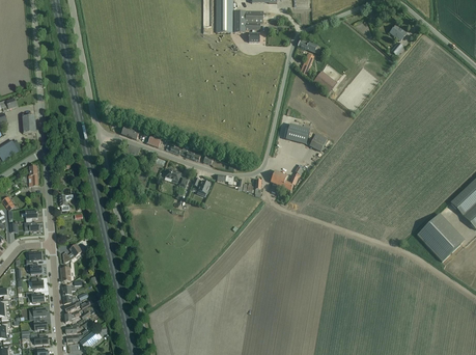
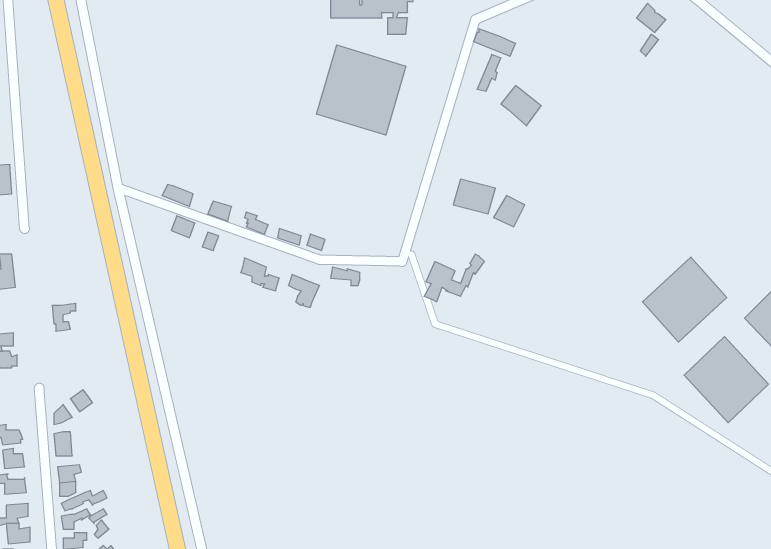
building: none -> [317,45,406,135]
building: none -> [642,257,727,342]

